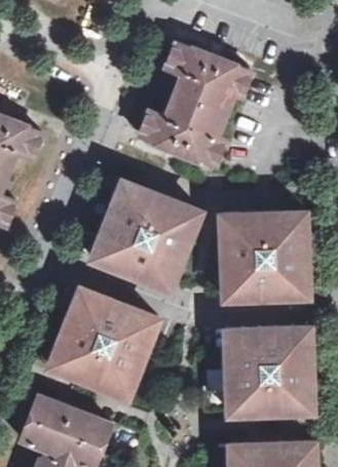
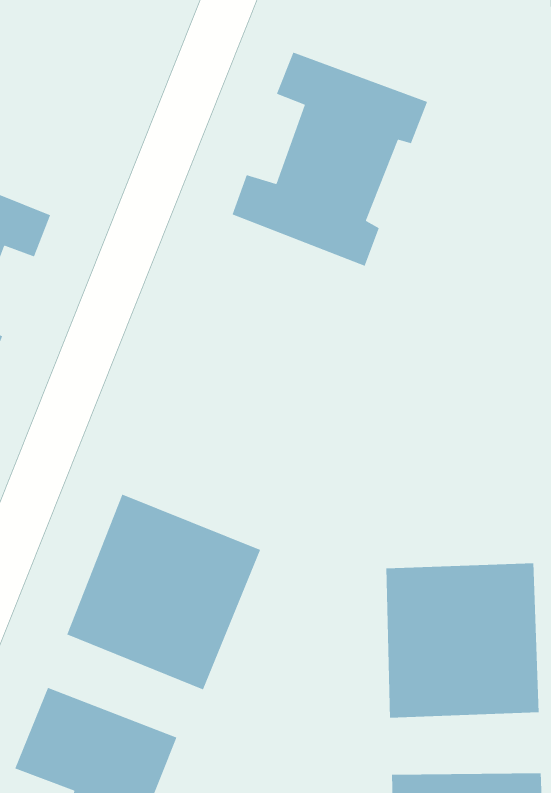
building: [91,180,200,289] -> none
building: [222,210,307,297] -> none

